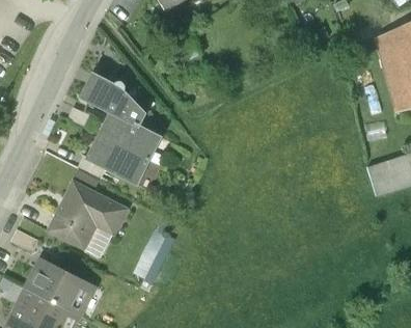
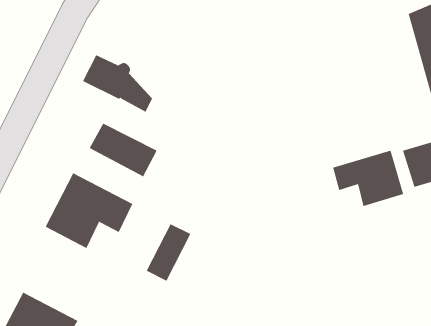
building: [102,112,163,159] -> none
building: none -> [333,150,404,207]
building: [30,259,87,311] -> none

